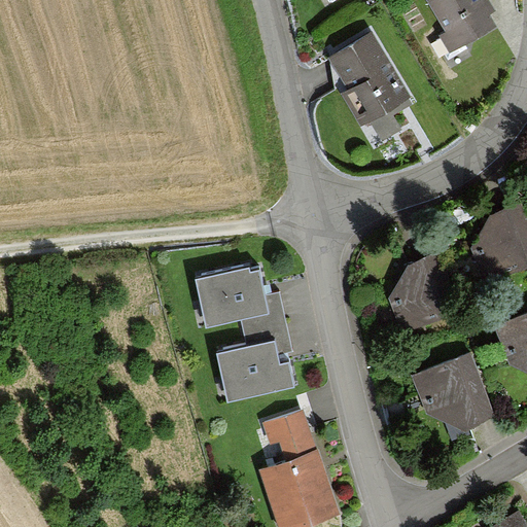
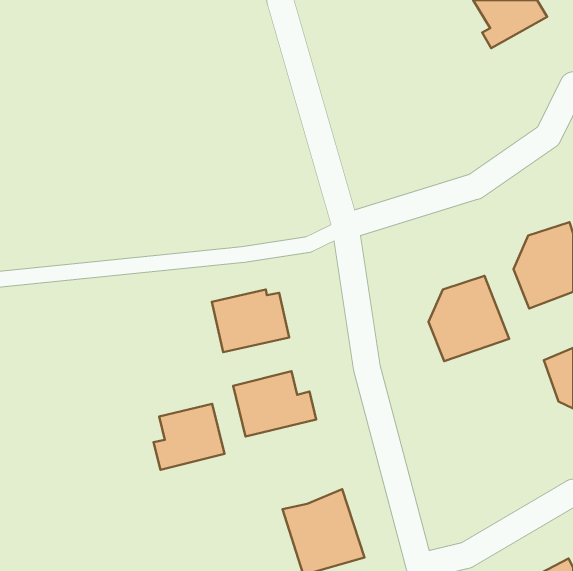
building: [330,29,412,135] -> none
building: [415,356,495,430] -> none
building: none -> [154,404,224,470]
building: [264,409,314,464] -> none

